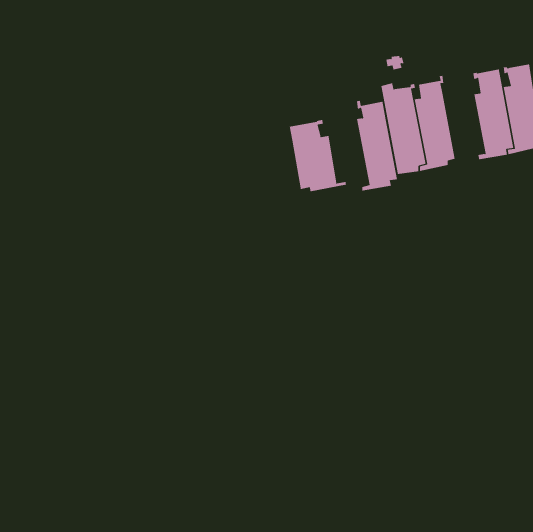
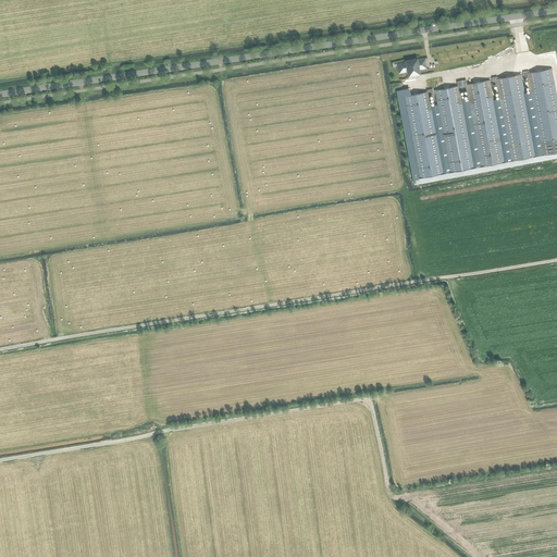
building: [356,100,398,191] -> [462,77,506,172]
building: [289,119,346,192] -> none

